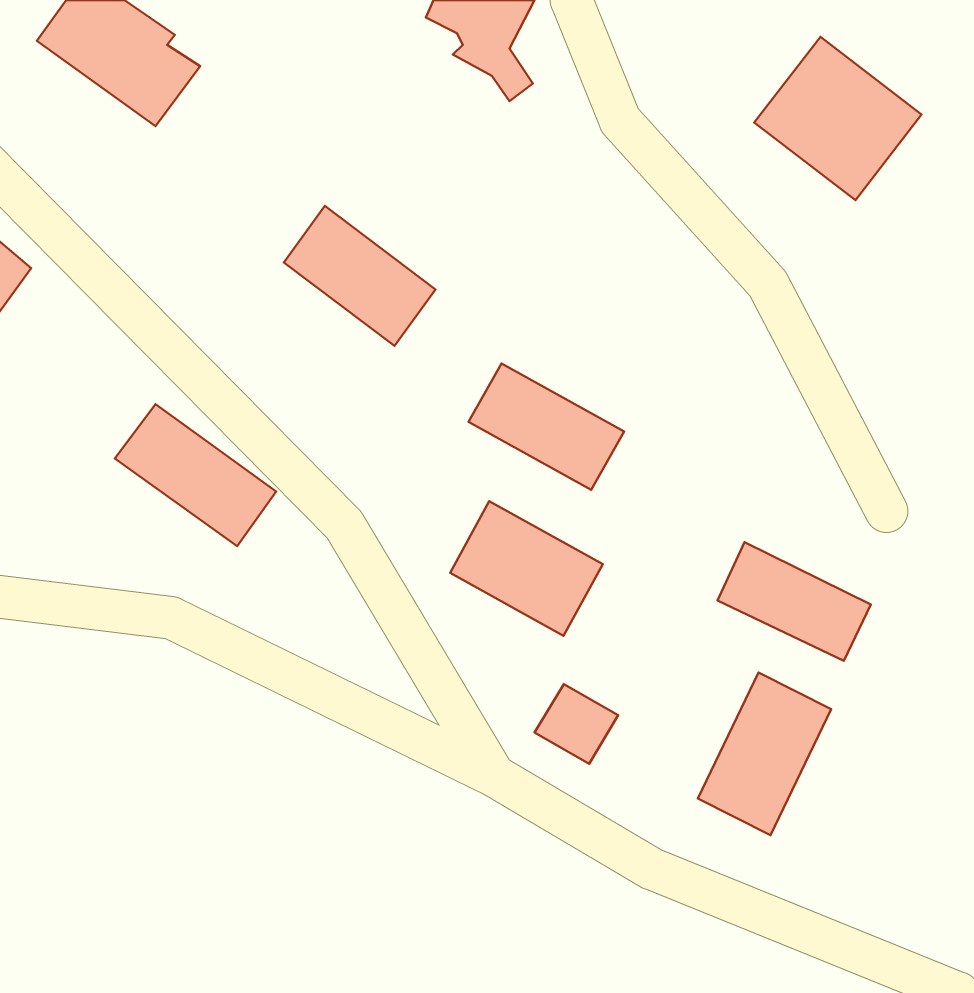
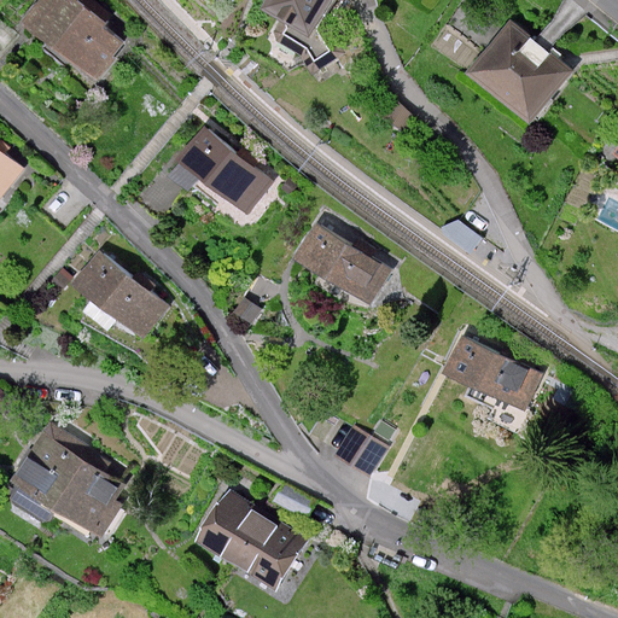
building: [450,501,603,636] -> none
building: [698,672,831,835] -> none
building: none -> [5,425,127,537]
building: none -> [196,489,304,593]

